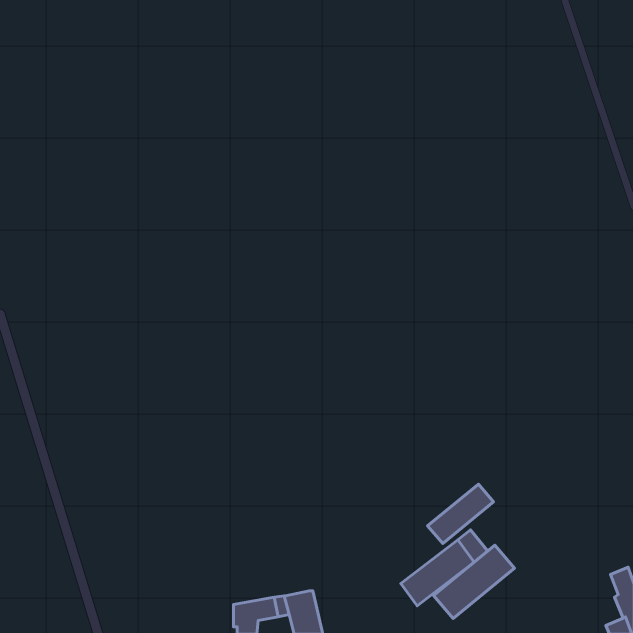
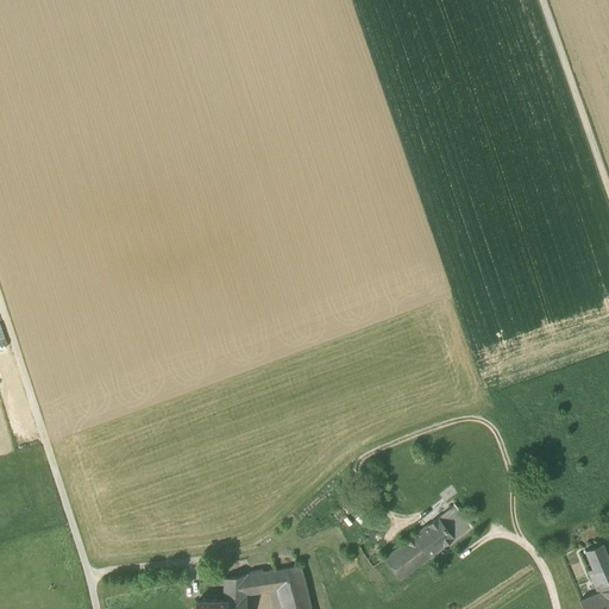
building: [428,484,494,543] -> none
building: [433,545,515,619] -> none

